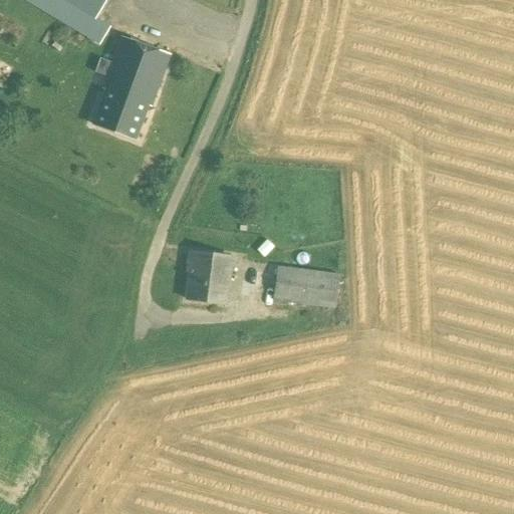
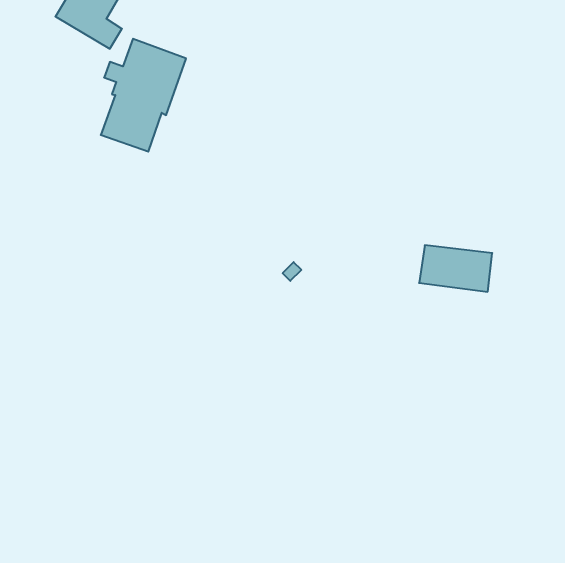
building: [187,250,232,302] -> none
building: [273,265,339,307] -> [419,245,492,292]

